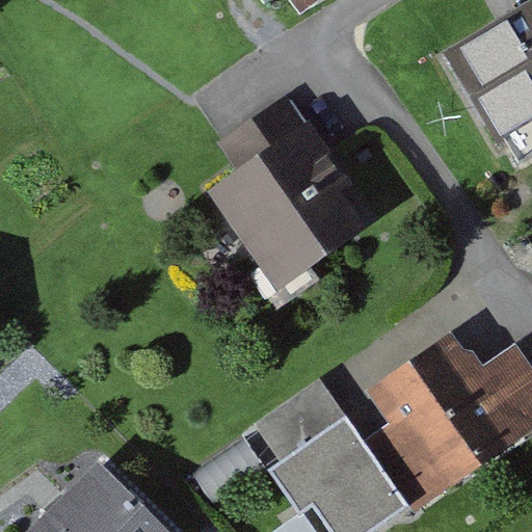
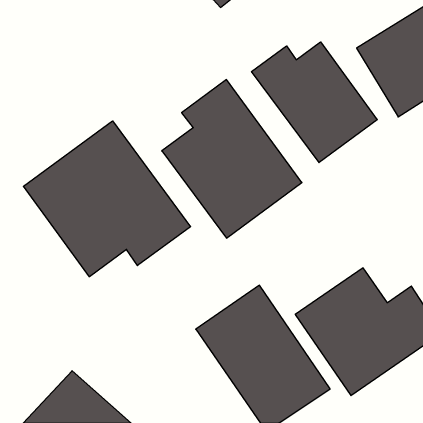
building: none -> [252,42,377,163]
building: none -> [23,121,191,277]

